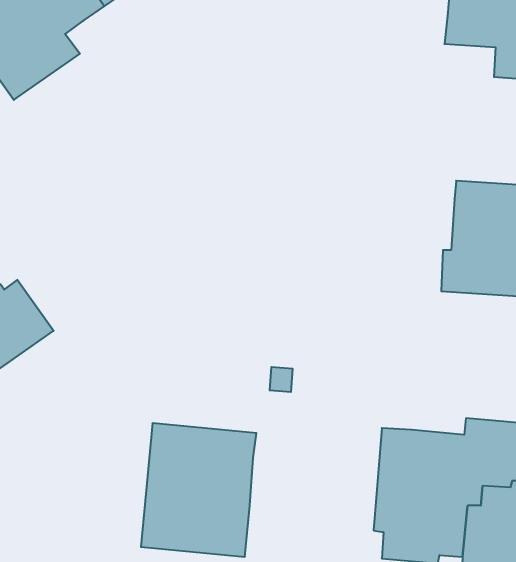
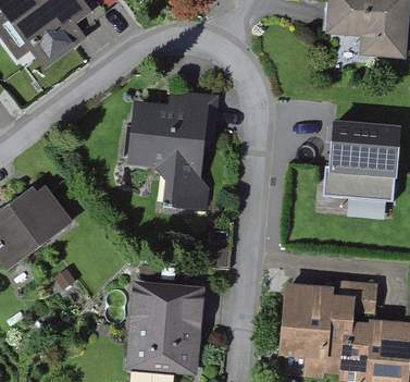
building: none -> [128,89,218,208]

